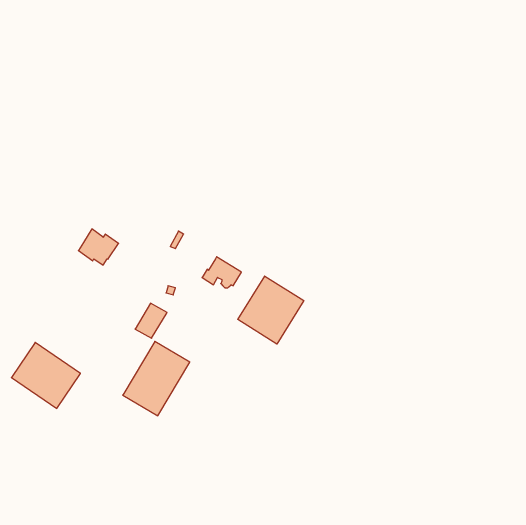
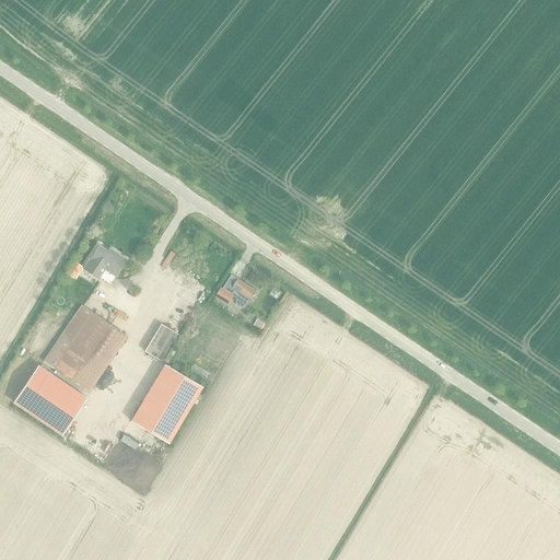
building: [238,276,304,344] -> none
building: none -> [43,303,126,389]

